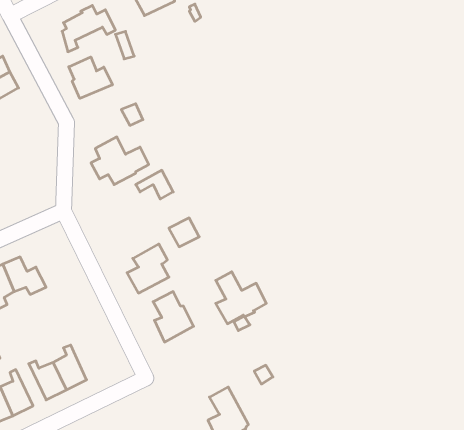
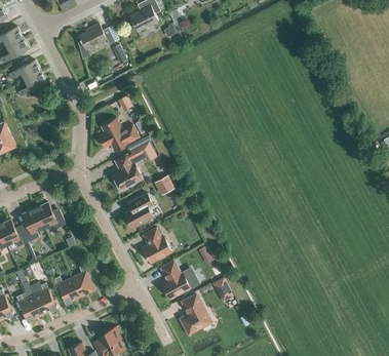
building: [69,57,112,98] -> none
building: none -> [112,154,142,190]
building: [216,272,266,324] -> [161,261,197,298]

